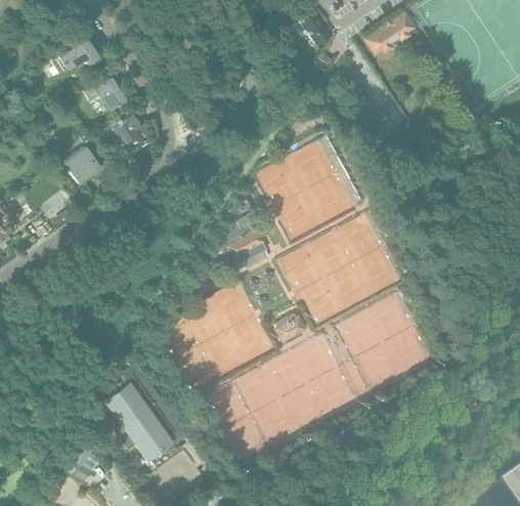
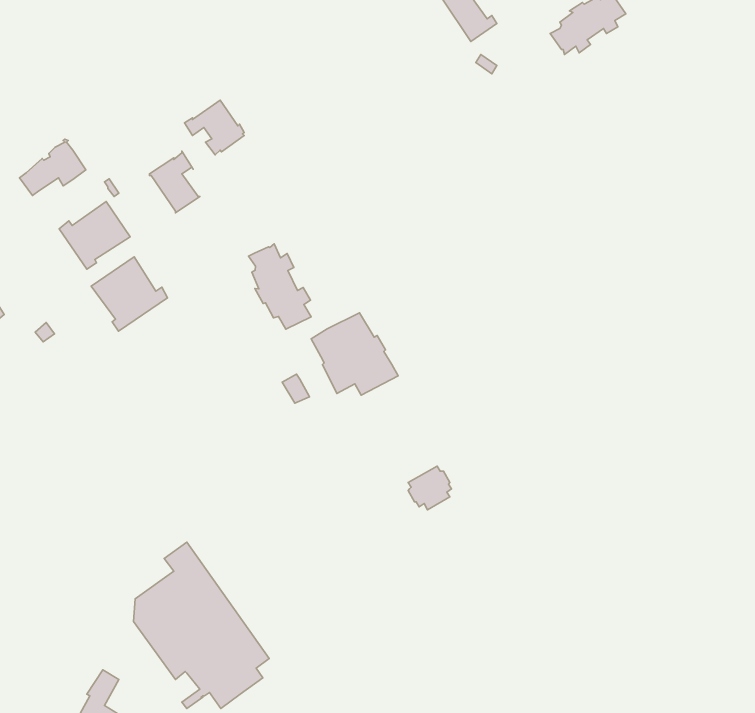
building: [54,37,96,73] -> [20,139,86,196]
building: [87,76,125,111] -> [185,100,244,155]
building: none -> [249,244,311,329]
building: none -> [91,257,167,331]

